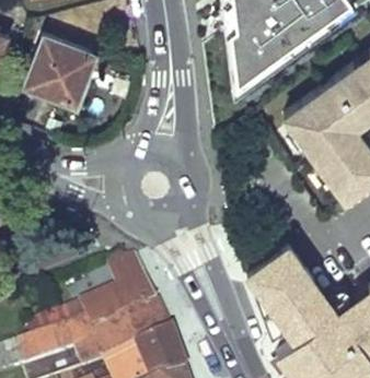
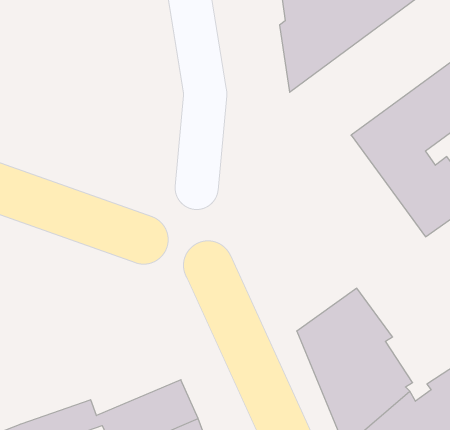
building: [26,38,94,104] -> none
building: [30,257,155,336] -> none

